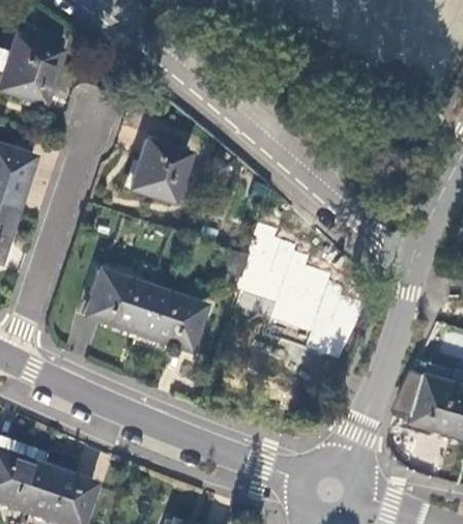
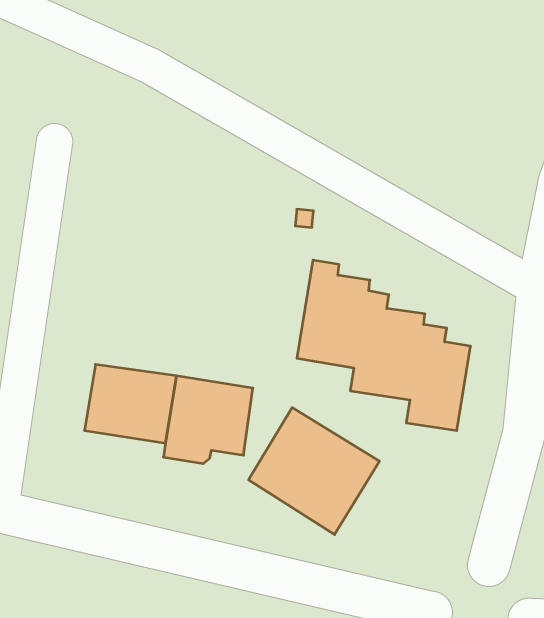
building: [131,138,191,203] -> none
building: none -> [249,408,379,535]

